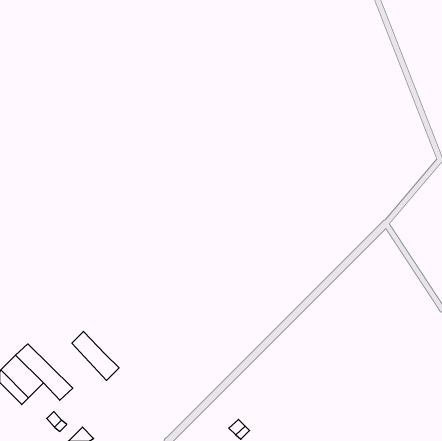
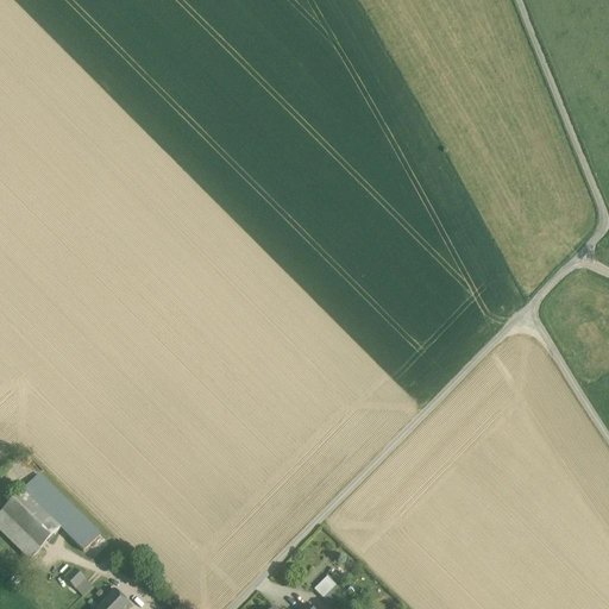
building: [72,331,119,380] -> none

